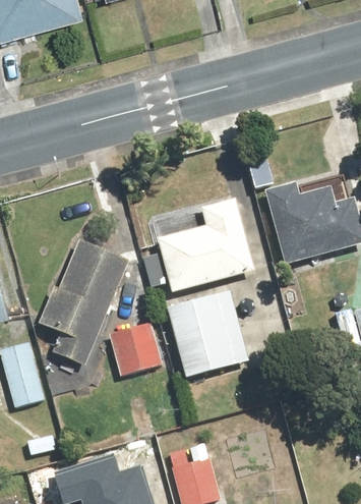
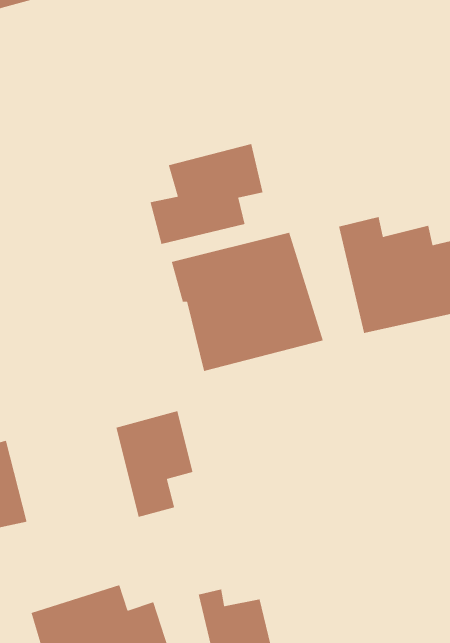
building: none -> [149,143,264,245]
building: [39,240,129,366] -> none
building: [168,291,247,379] -> none

